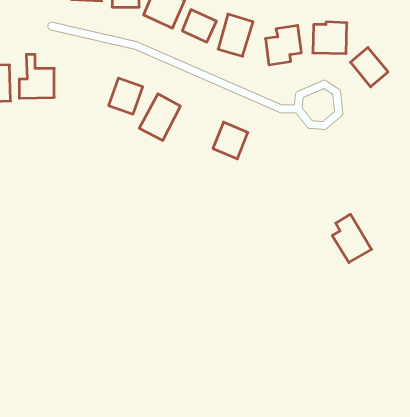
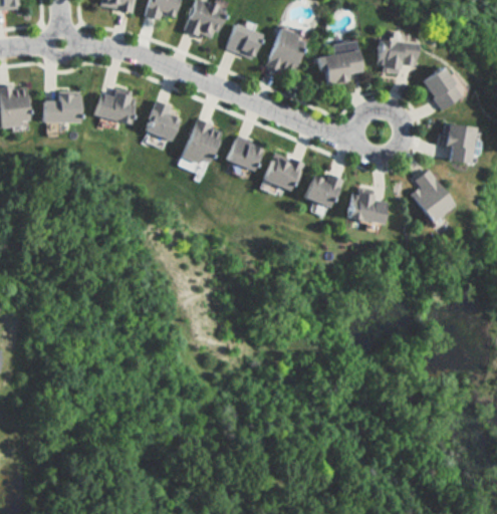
building: none -> [91,87,140,126]
building: none -> [441,124,475,163]
building: none -> [224,134,264,173]
building: none -> [303,171,341,209]
building: none -> [348,187,390,224]
building: [332,214,372,263] -> [412,168,457,223]

